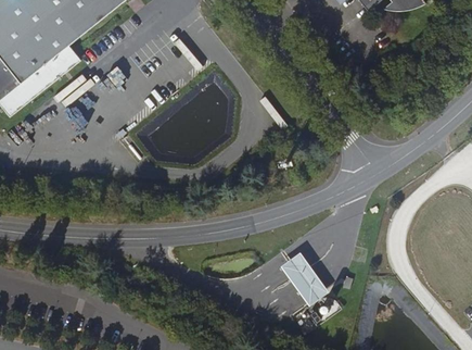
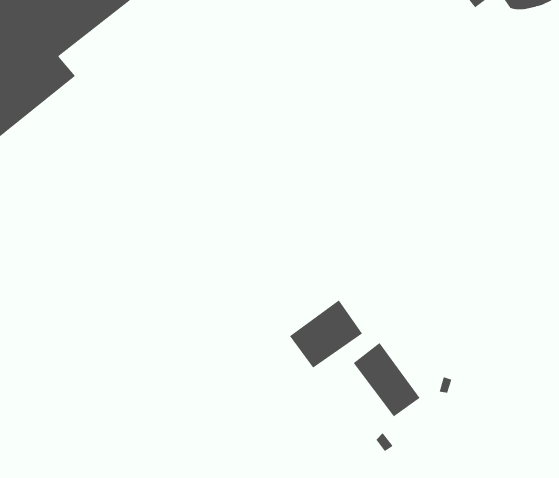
building: none -> [289,299,363,369]

